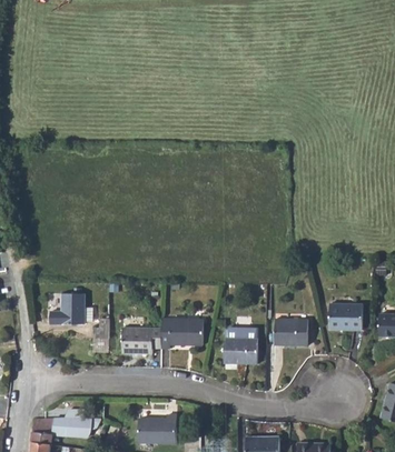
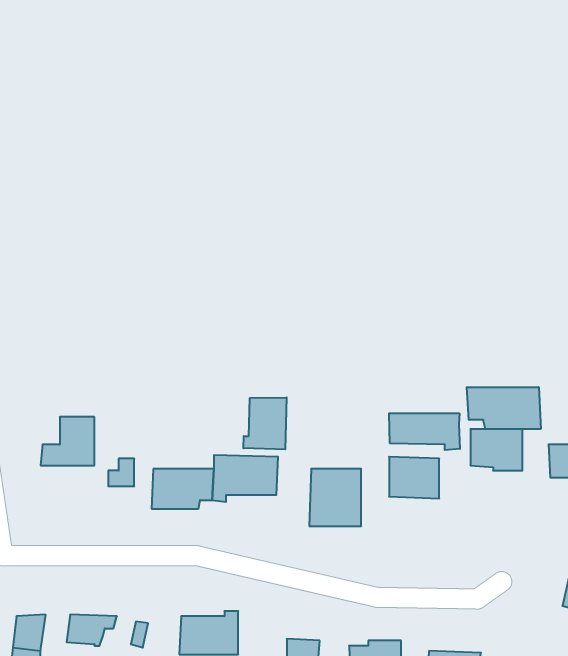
building: none -> [467,387,541,429]
building: none -> [243,397,287,449]
building: none -> [389,413,460,450]

